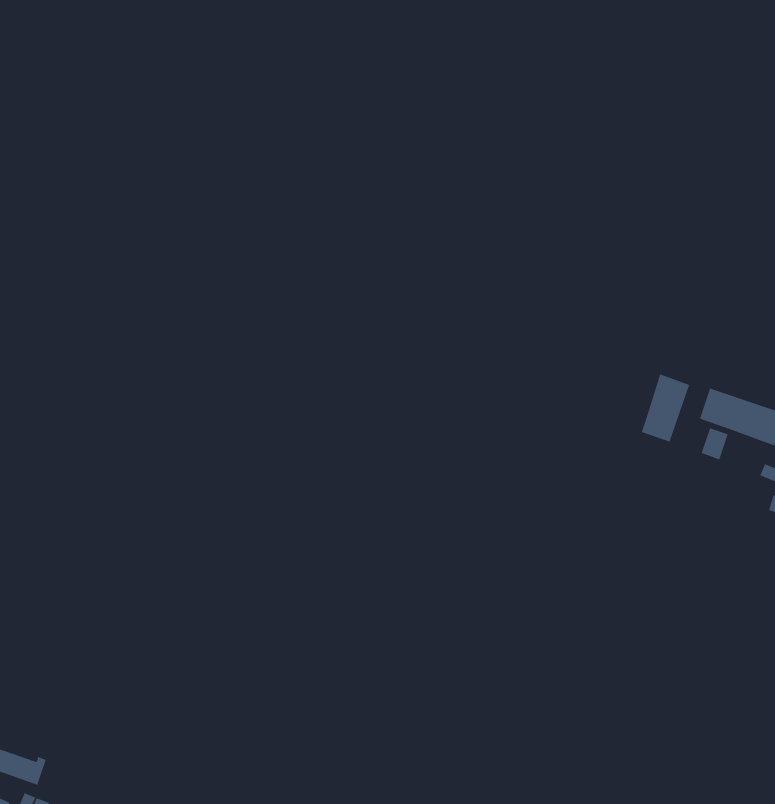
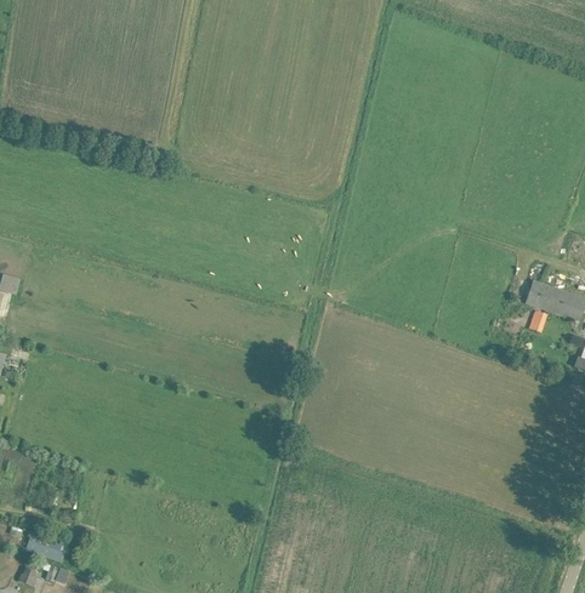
building: [641,374,690,442] -> none

